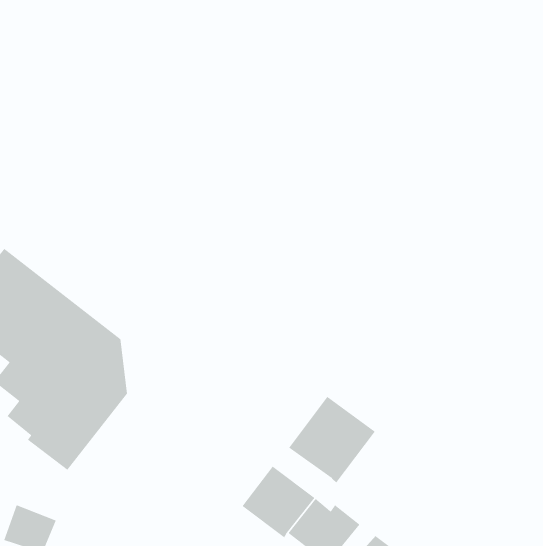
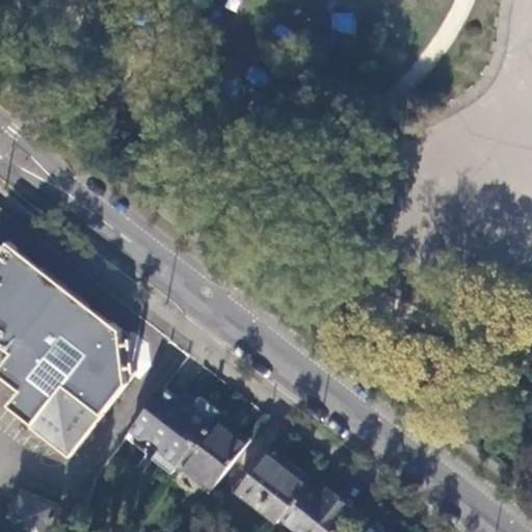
building: [288,396,376,484] -> none
building: none -> [126,389,242,494]

